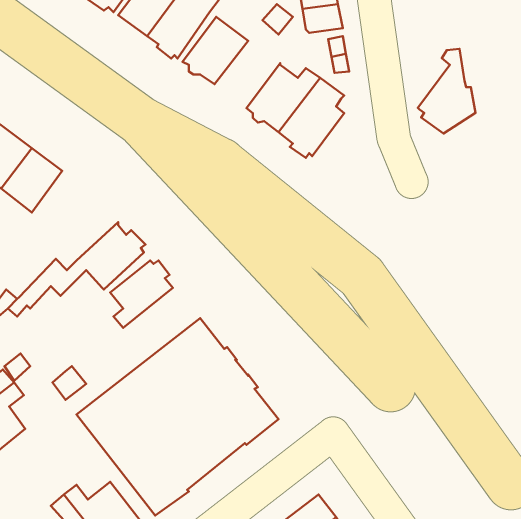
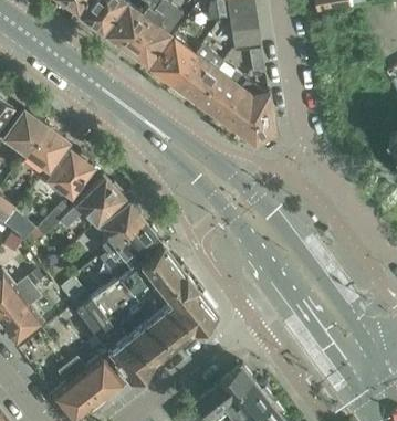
building: none -> [170,45,221,99]
building: [418,49,476,134] -> [238,92,278,150]
building: none -> [48,151,91,202]
building: none -> [98,223,158,276]

